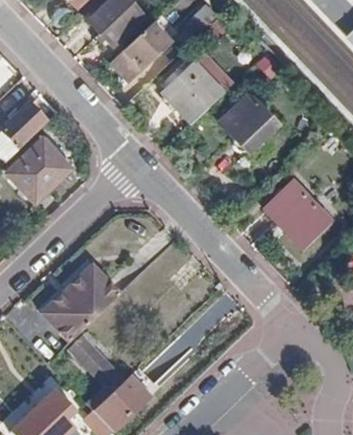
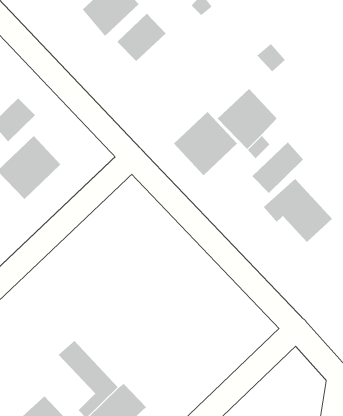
building: [161,61,223,123] -> [173,111,238,176]
building: none -> [252,142,304,194]
building: [44,264,121,342] -> none

